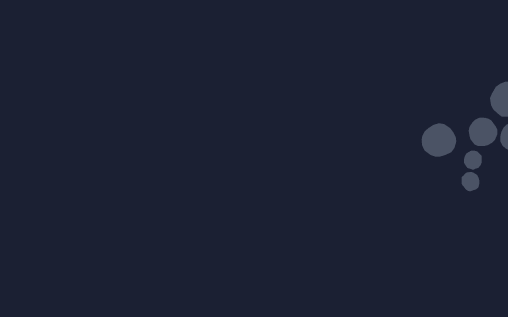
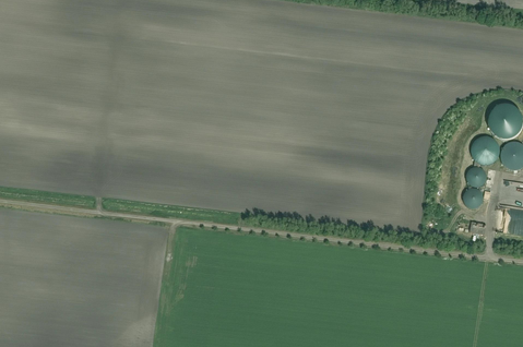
building: [421,123,457,157] -> none

